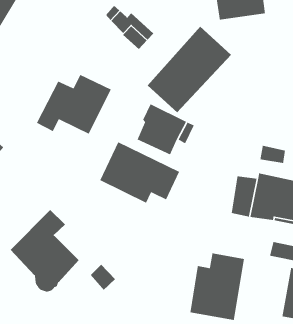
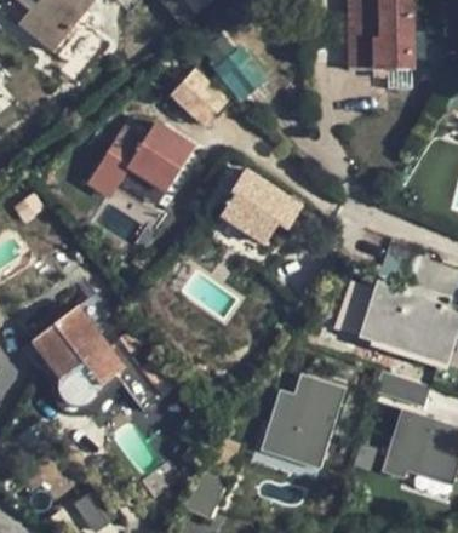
building: [147,26,232,113] -> none
building: none -> [171,69,228,127]
building: [99,141,180,204] -> none

